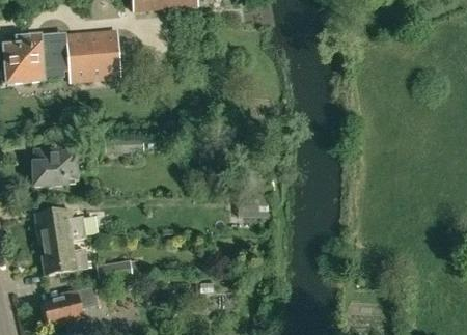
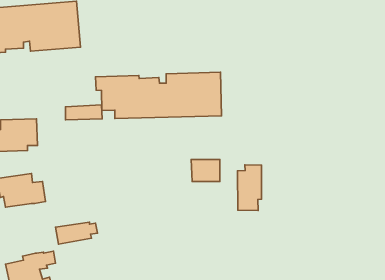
building: none -> [95,72,221,119]
building: none -> [238,165,262,210]
building: [42,240,86,275] -> none

